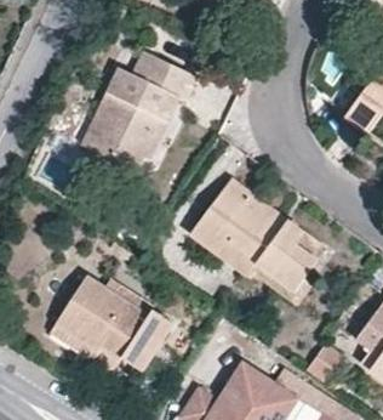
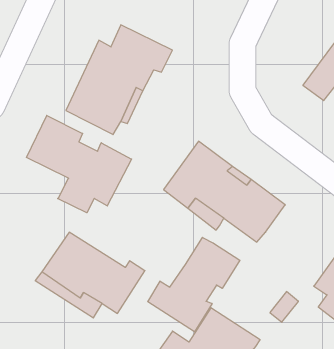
building: none -> [27,115,132,213]
building: none -> [148,237,240,332]

